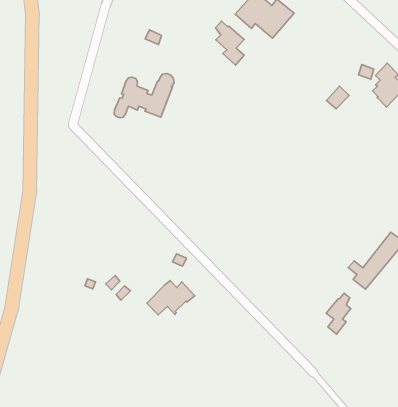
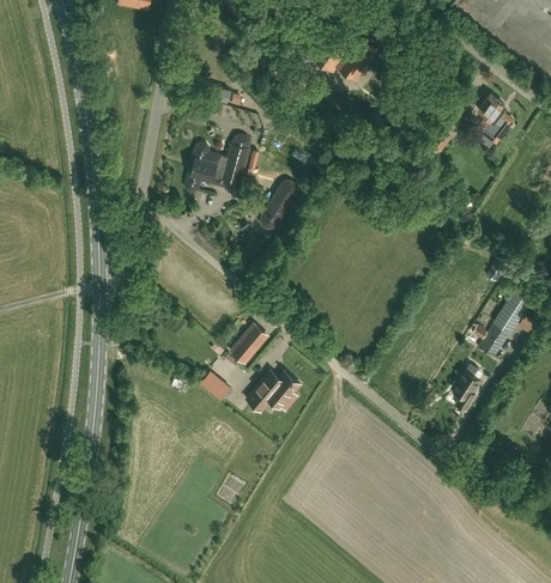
building: [216,21,244,65] -> none
building: none -> [259,181,296,230]
building: none -> [229,324,268,365]

